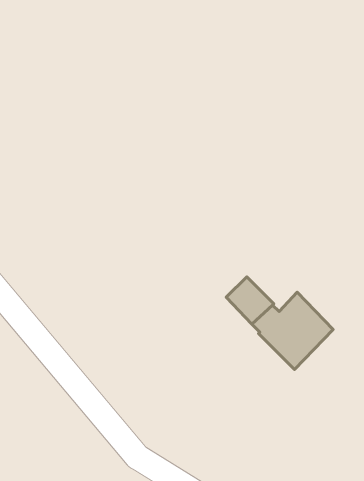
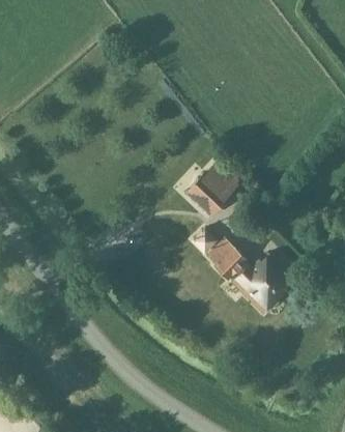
building: none -> [186,162,239,215]

